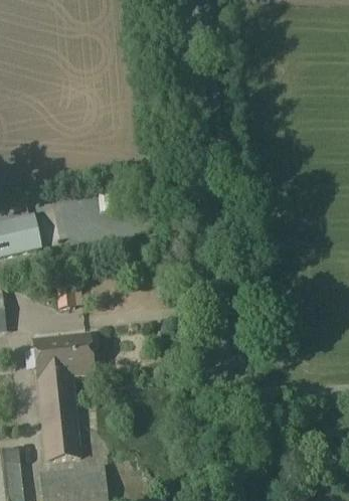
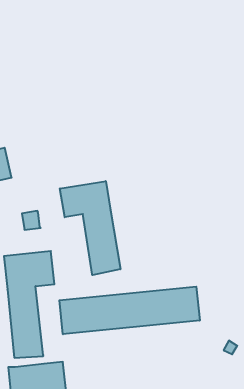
building: none -> [60,181,120,275]
building: none -> [59,287,200,334]

